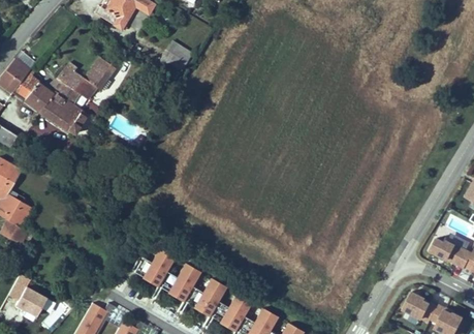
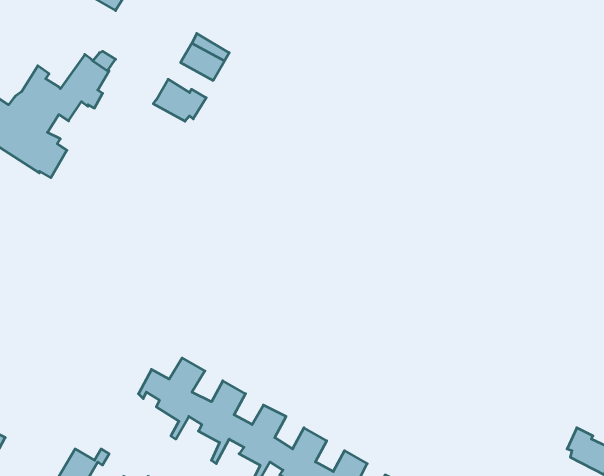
building: none -> [153,79,206,121]

